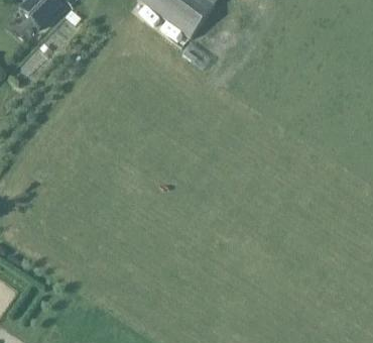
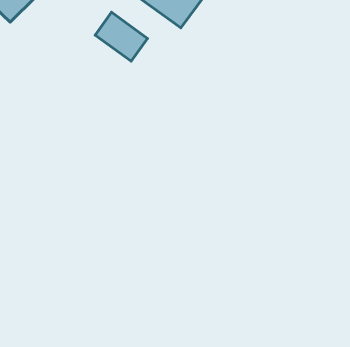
building: none -> [95,12,147,61]

